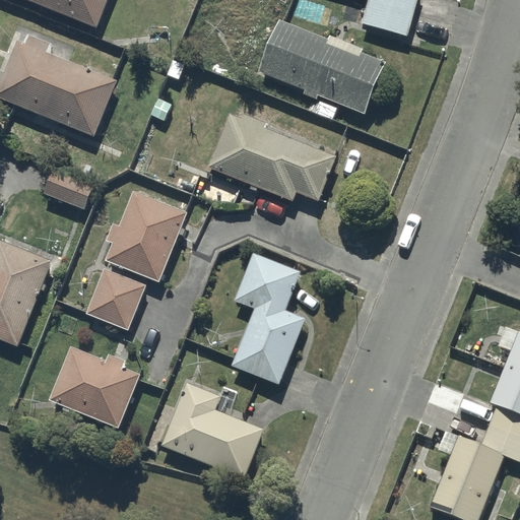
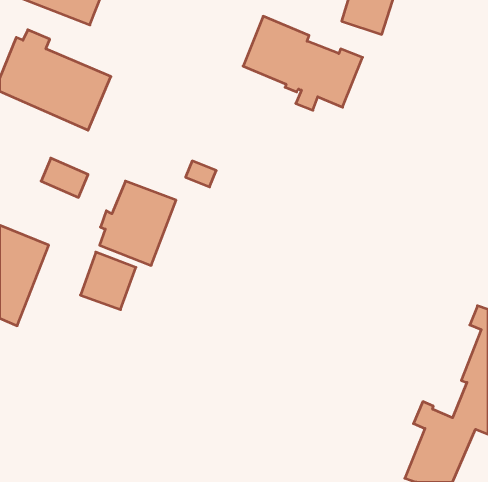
building: [208,111,336,200] -> none
building: [231,252,306,384] -> none
building: [51,347,141,429] -> none
building: [160,382,262,478] -> none

